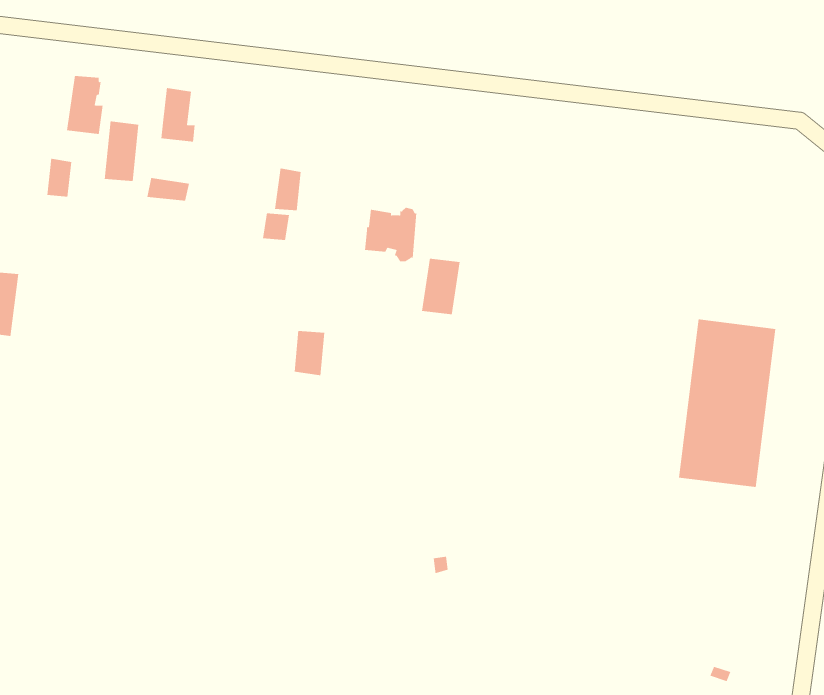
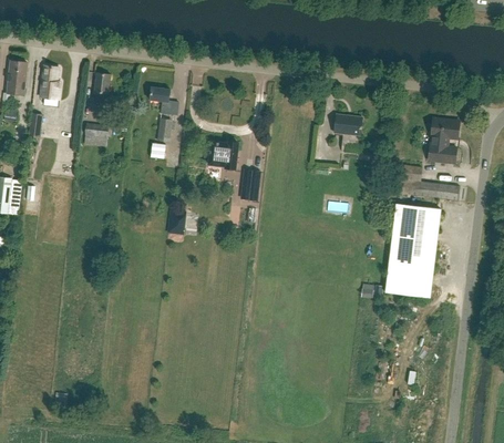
building: none -> [148,86,177,114]
building: [104,121,139,182] -> [7,60,27,94]
building: none -> [333,114,361,135]
building: none -> [430,117,459,163]

